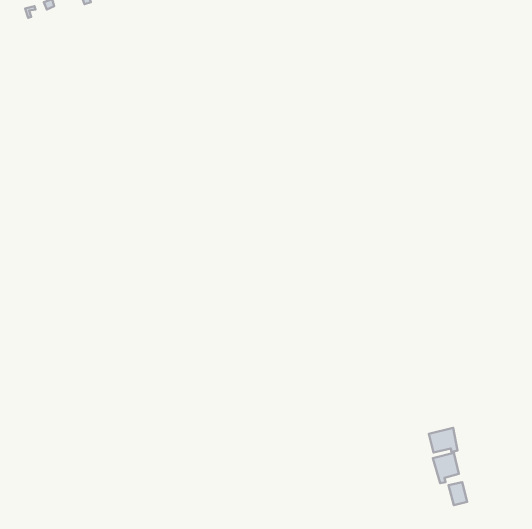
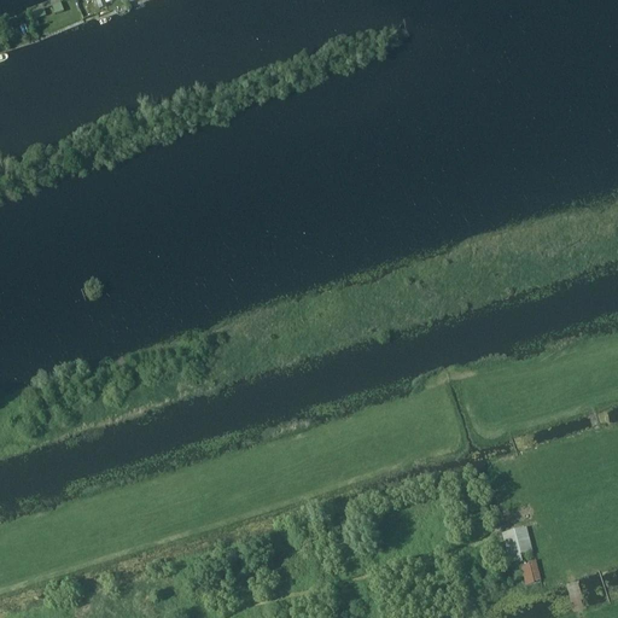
building: [429,428,458,452] -> none

